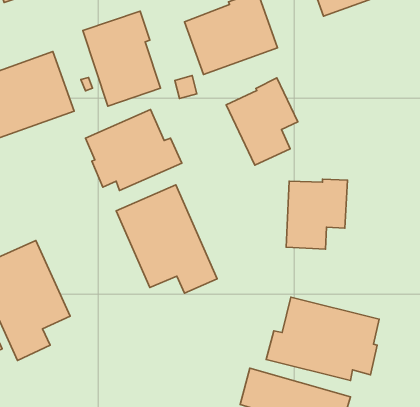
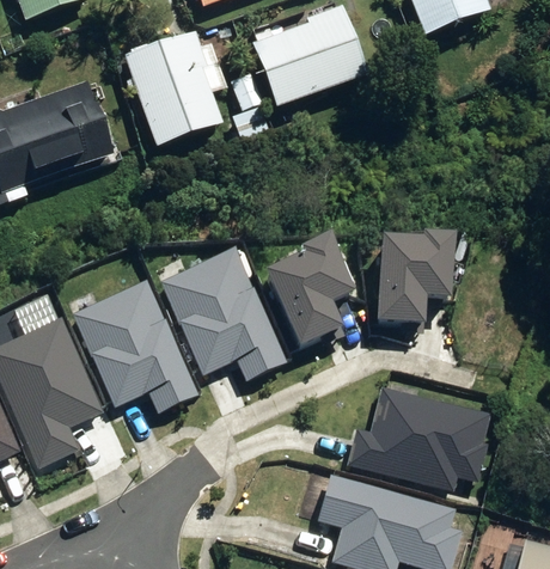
building: [226,78,298,165] -> [262,240,352,349]
building: [86,110,182,191] -> none
building: none -> [74,277,201,412]

